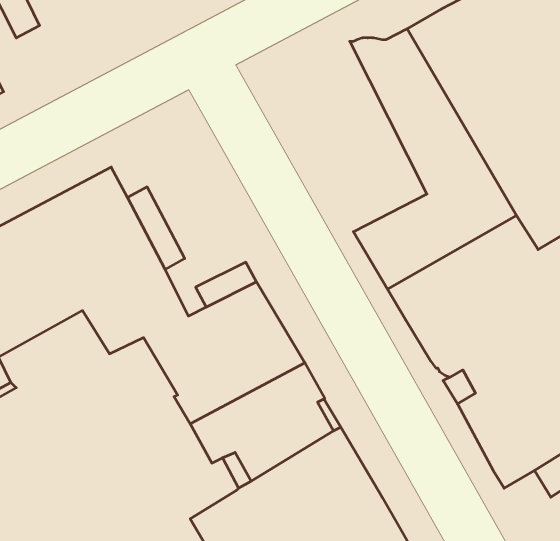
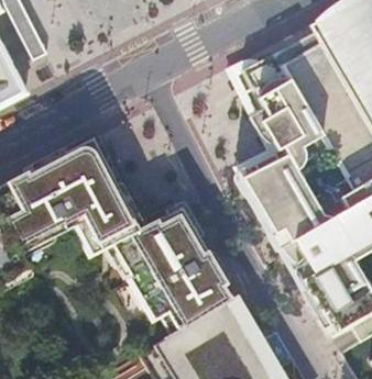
building: none -> [228,59,287,176]

